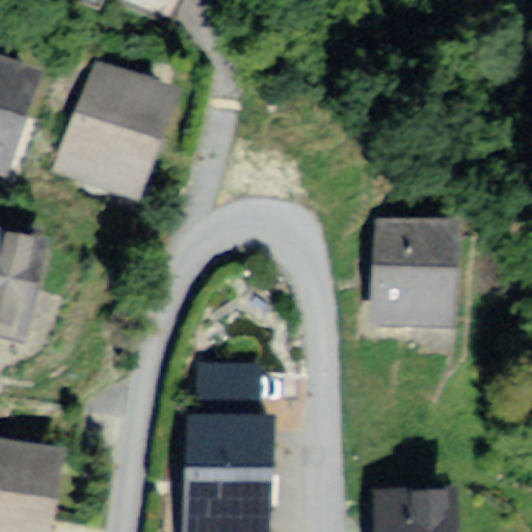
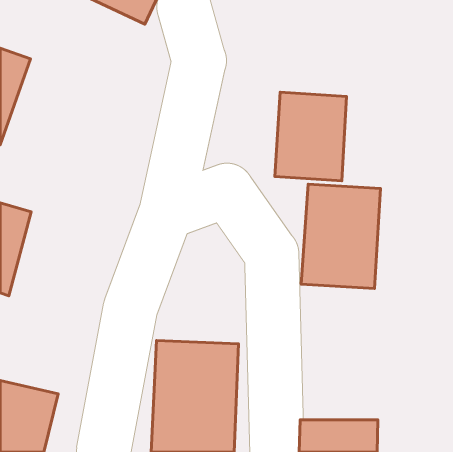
building: [54,57,187,203] -> none
building: none -> [275,92,346,181]

